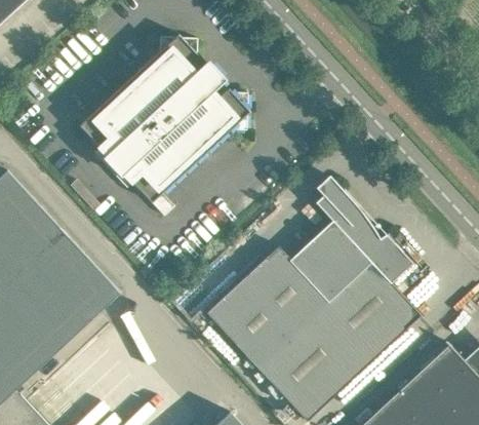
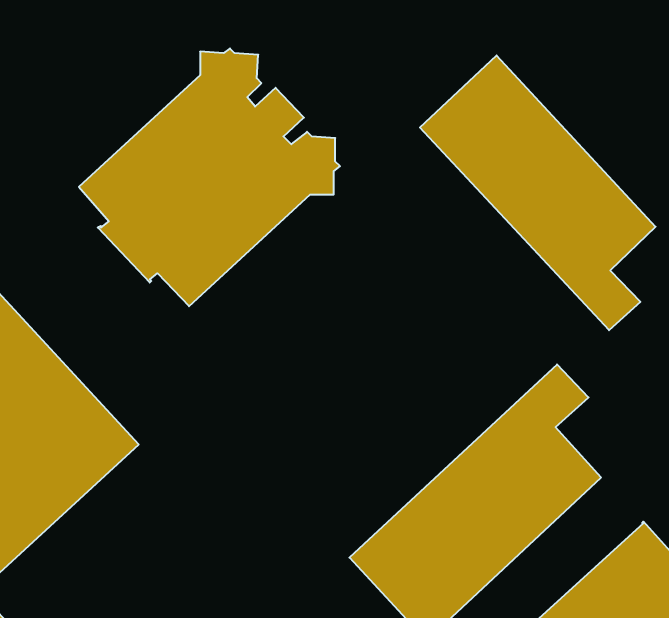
building: none -> [420,55,656,330]
building: [206,180,392,366] -> none

